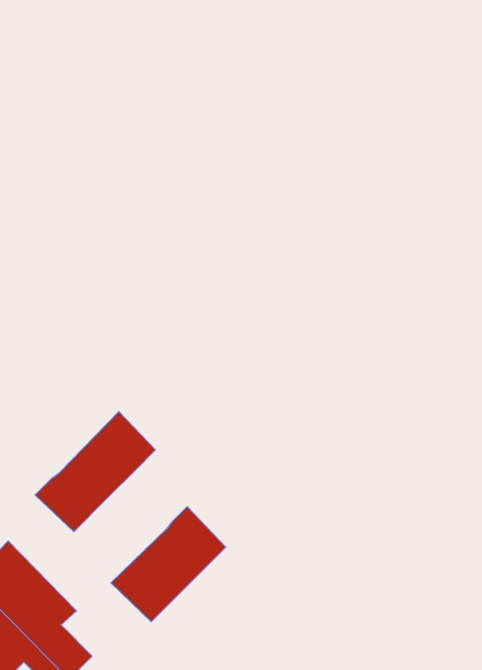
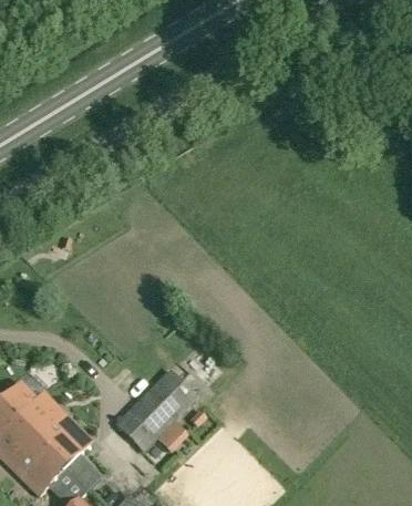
building: [35,412,155,532] -> none

